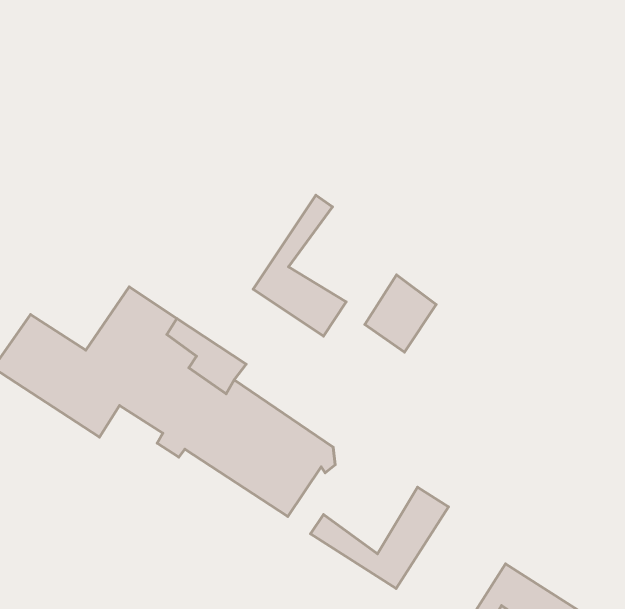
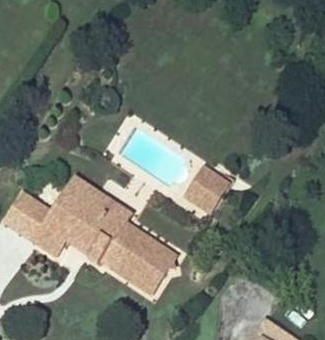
building: [253,195,346,336] -> none
building: [310,487,449,589] -> none

